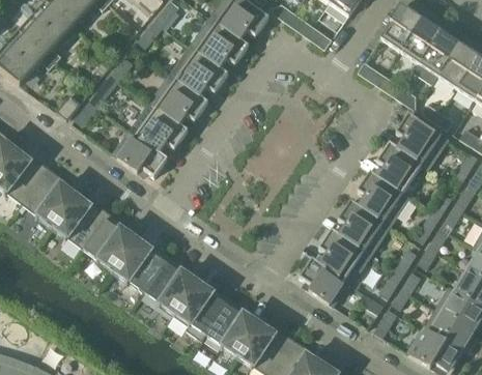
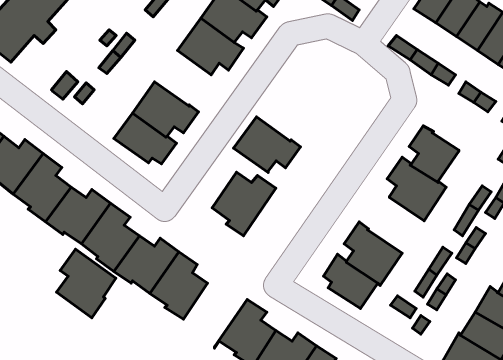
building: [149,75,209,124] -> [233,117,301,172]
building: [397,113,449,169] -> none
building: [339,199,391,256] -> none
building: none -> [57,249,116,318]
building: [175,283,232,340] -> [212,172,276,236]

